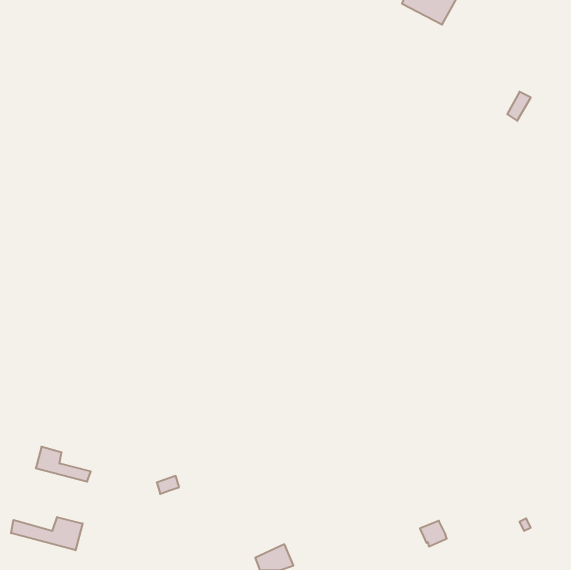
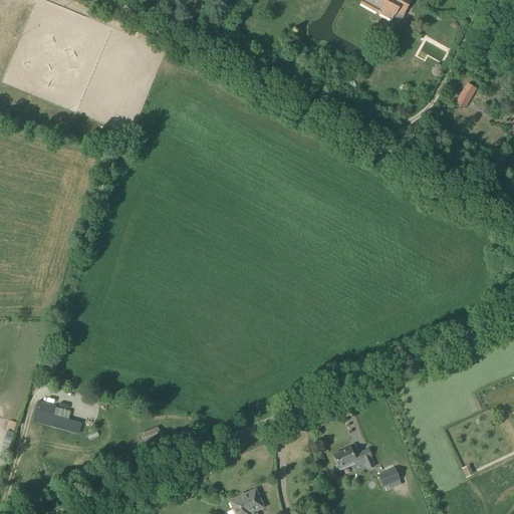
building: none -> [333,447,375,470]
building: [11,517,83,550] -> none

